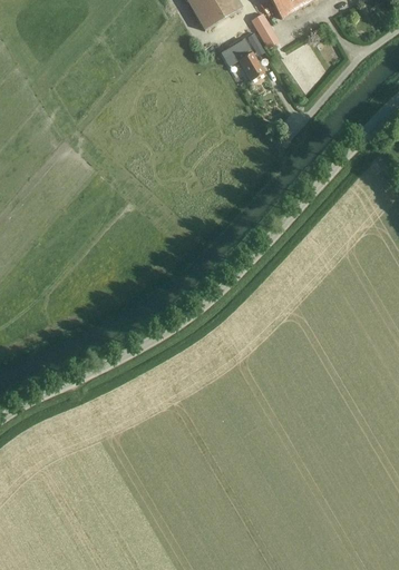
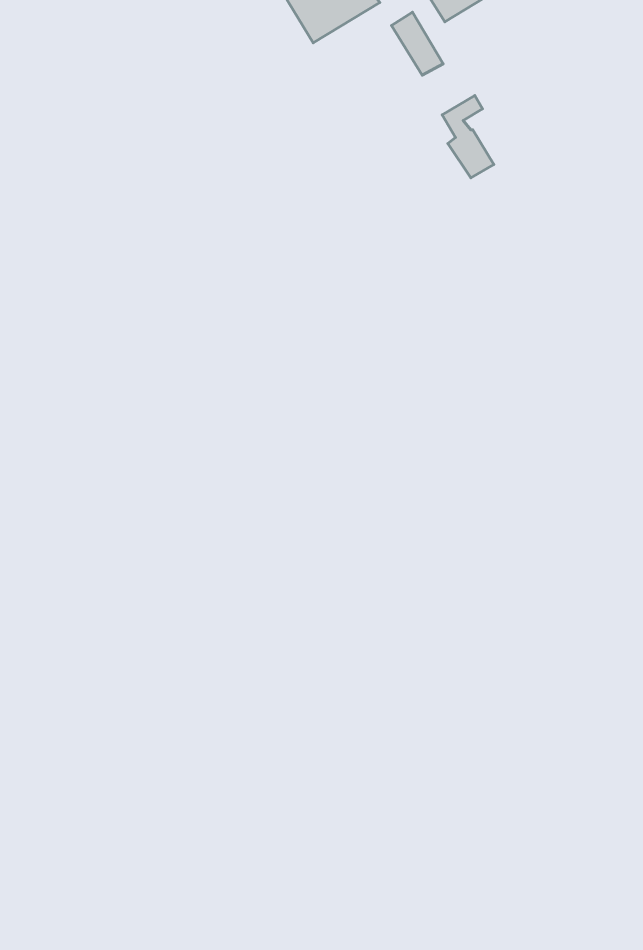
building: [234,31,264,79] -> [442,96,494,178]

